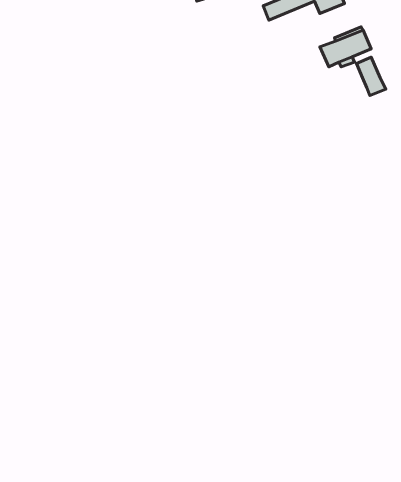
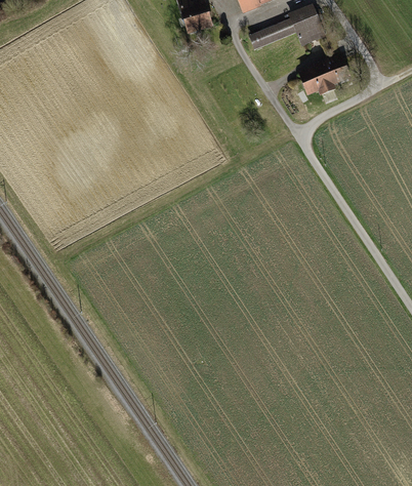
building: [356,57,386,96] -> none

